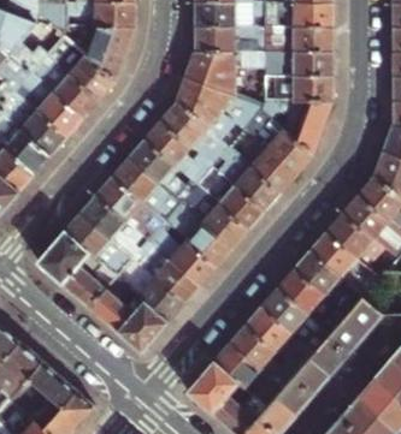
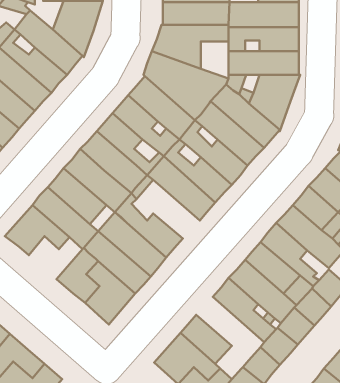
building: [177,215,231,266] -> none
building: [59,263,113,307] -> none
building: [228,325,296,388] -> none

